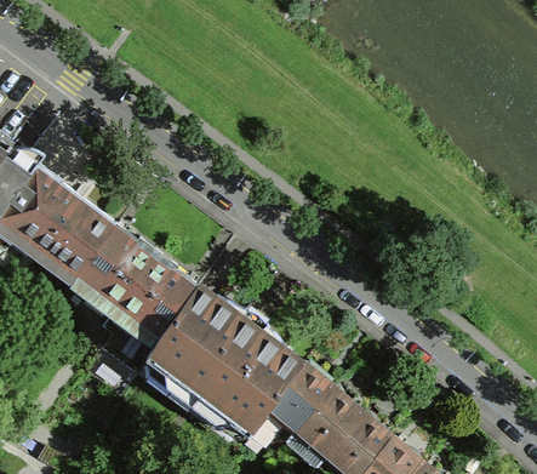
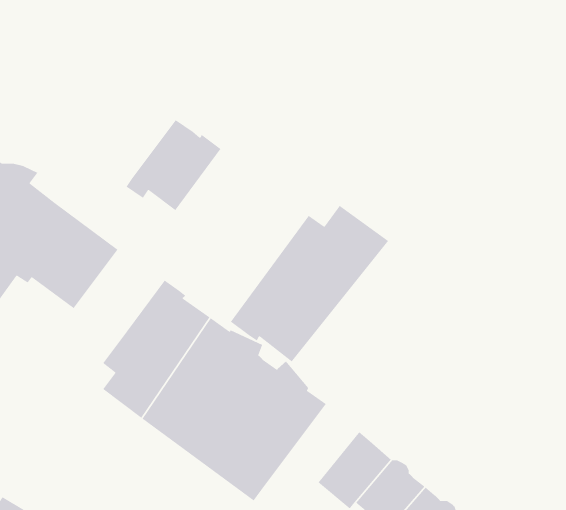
building: none -> [230,205,389,363]
building: [73,225,159,308] -> [126,119,222,211]
building: [250,362,333,447] -> none

